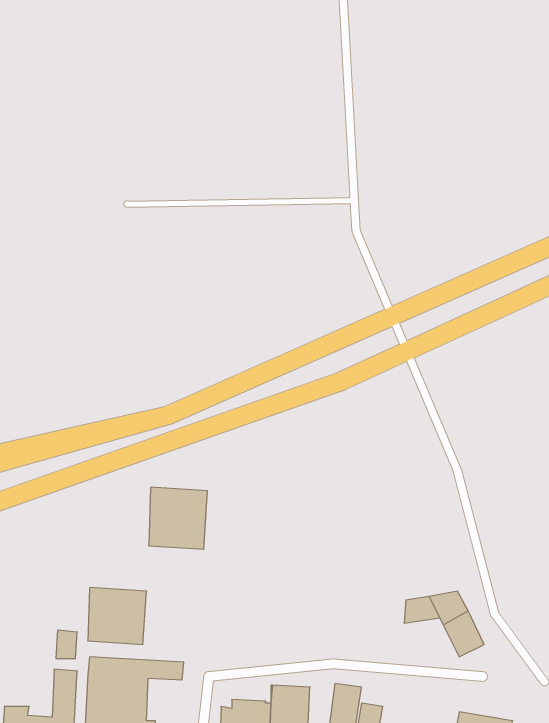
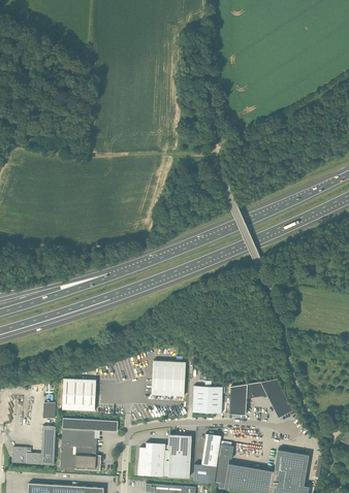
building: [149,487,207,549] -> [152,360,186,396]
building: none -> [192,381,223,413]
building: none -> [228,385,247,416]

